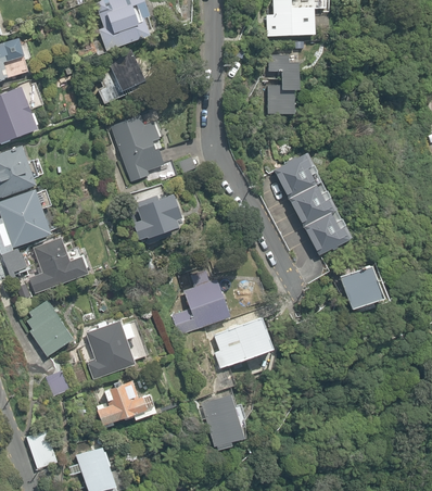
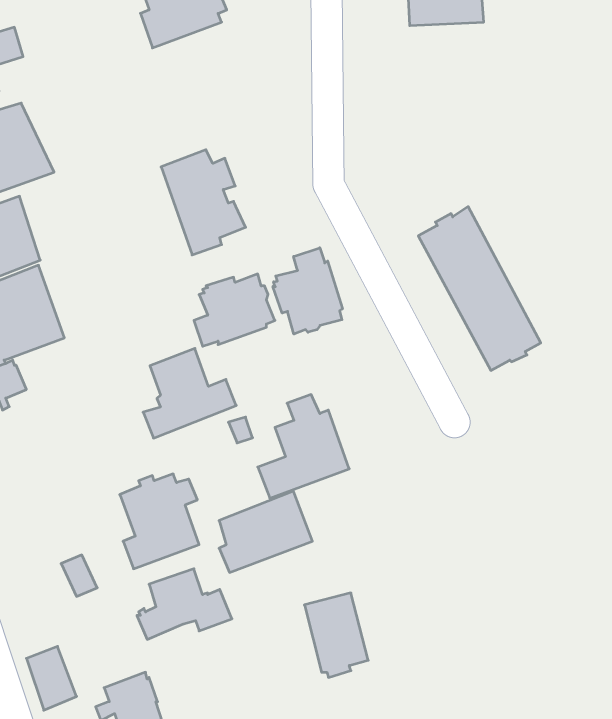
building: [99,49,145,104] -> none
building: [268,54,300,114] -> none
building: none -> [273,248,342,334]
building: [29,237,88,293] -> [143,348,236,438]
building: [339,265,381,307] -> none
building: [27,299,73,356] -> none
building: [215,316,274,367] -> [219,491,312,572]

